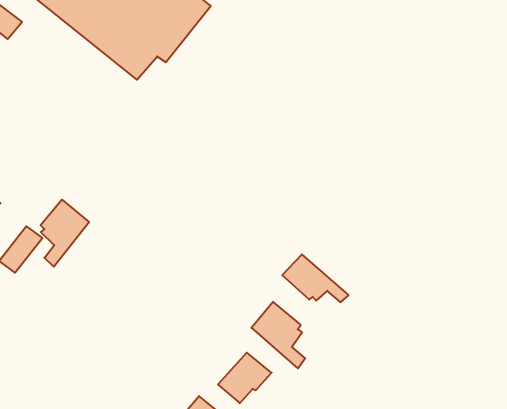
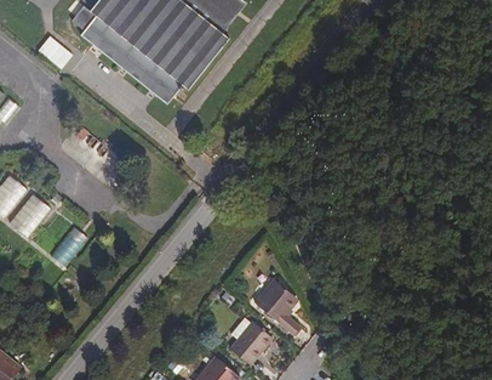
building: [41,200,89,267] -> none
building: [282,254,348,302] -> none

